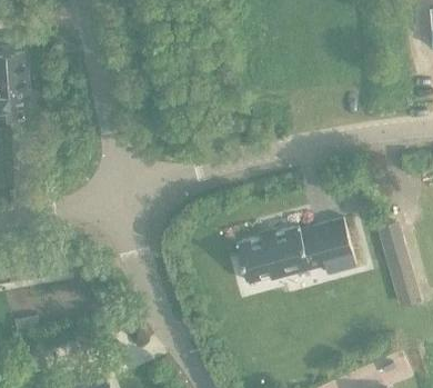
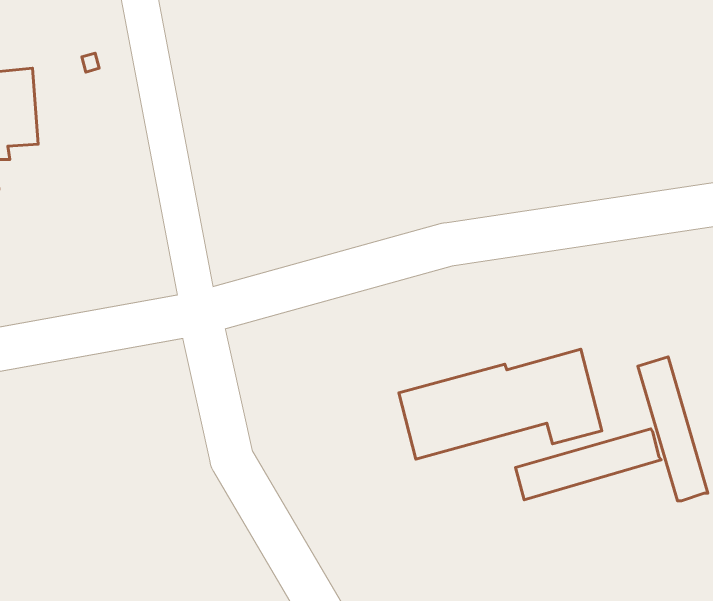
building: none -> [515,429,661,500]

